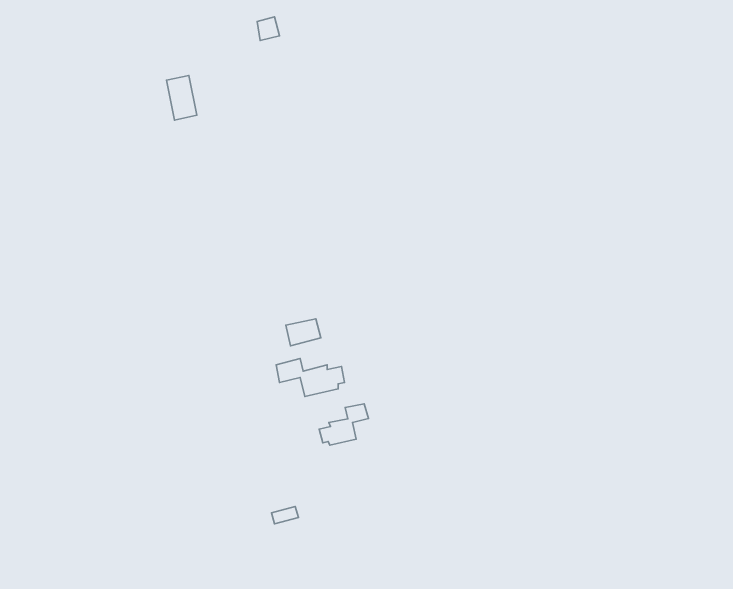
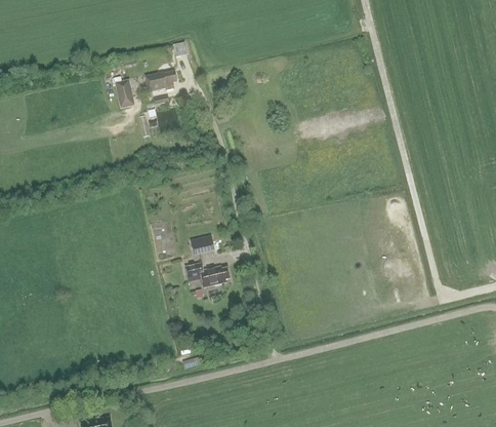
building: none -> [146,70,176,91]
building: [319,404,369,445] -> none

